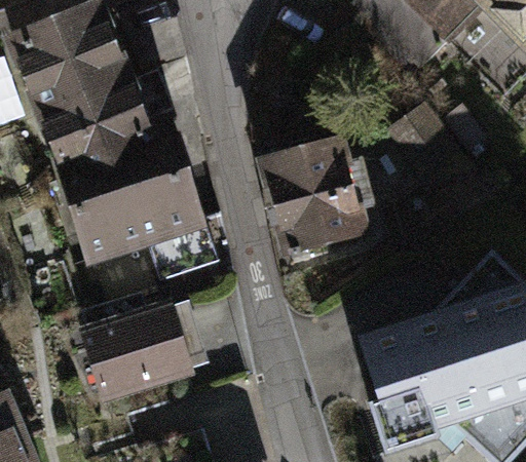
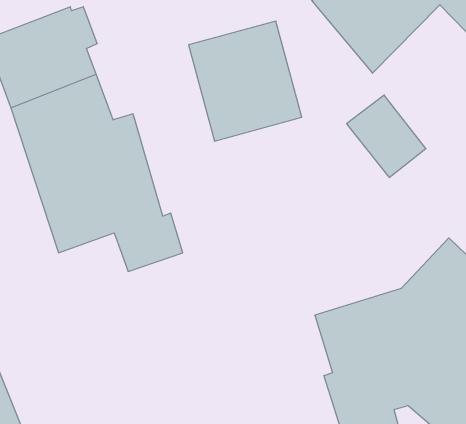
building: [255,133,372,258] -> [189,21,302,141]
building: [73,306,187,403] -> none

